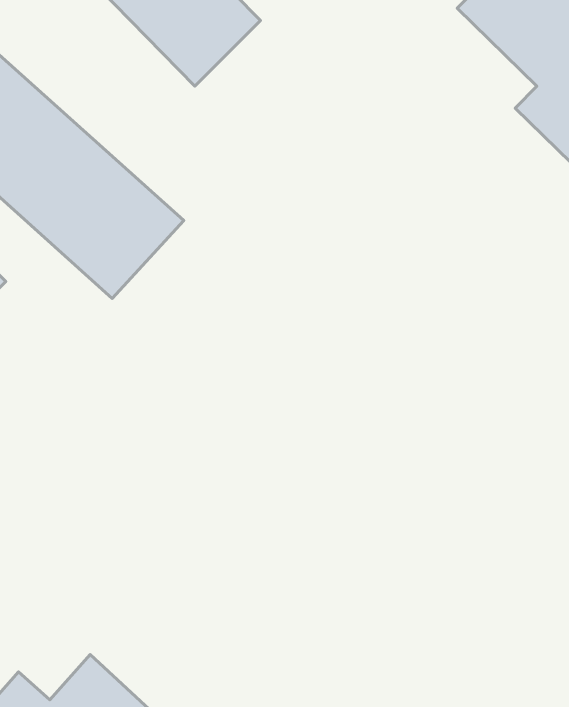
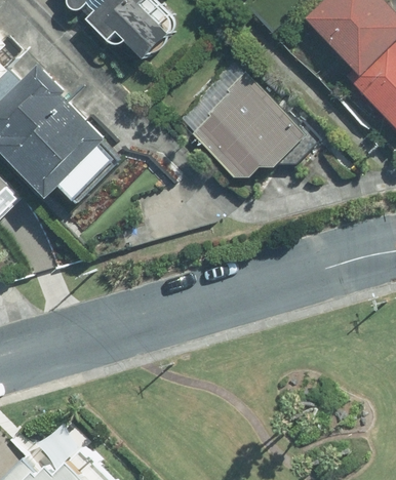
building: none -> [176,68,310,197]

